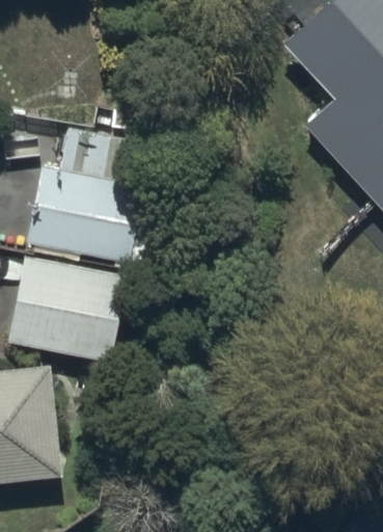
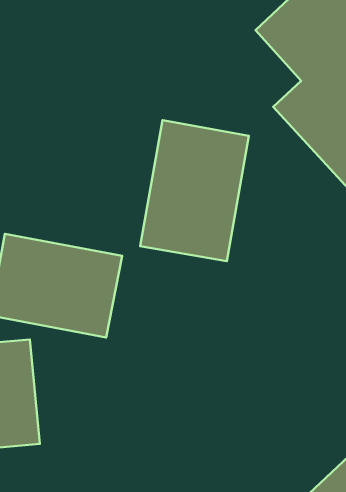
building: none -> [140,120,249,261]
building: [26,169,156,265] -> none

